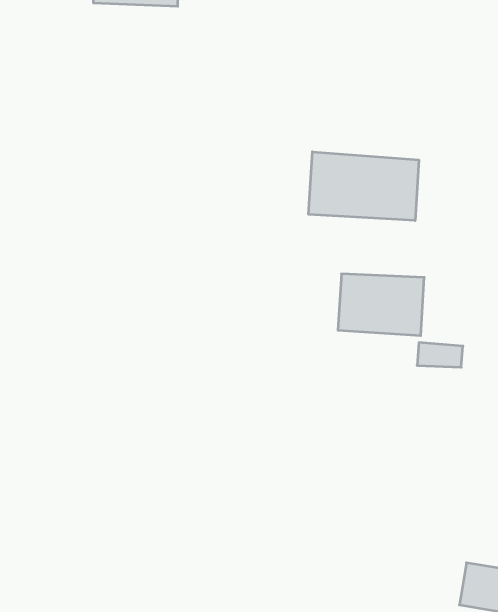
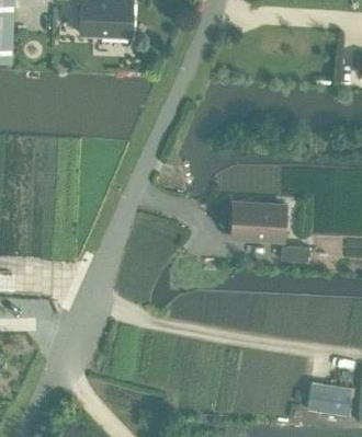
building: [309,152,419,221] -> none

